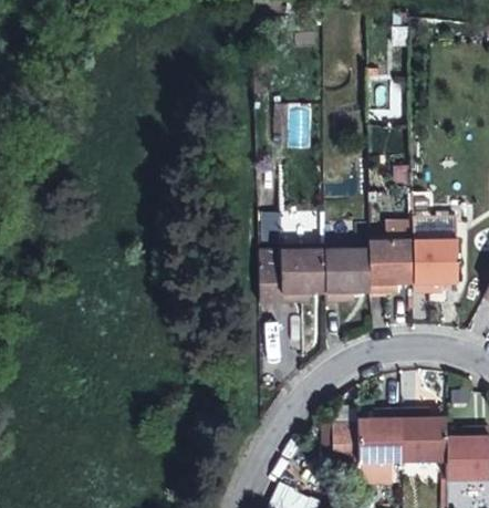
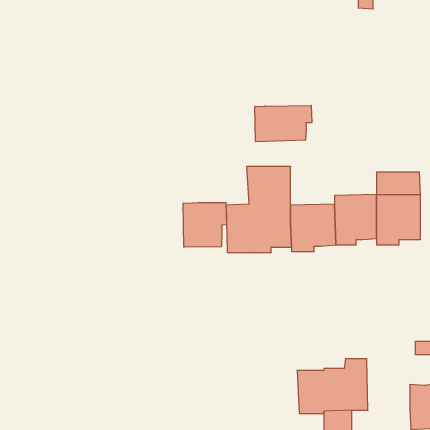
building: none -> [255,105,312,142]
building: none -> [183,202,227,247]
building: [403,408,447,462] -> none

